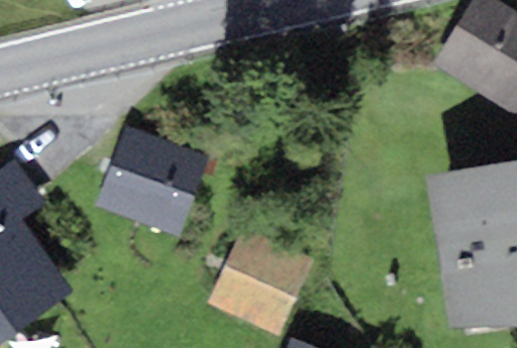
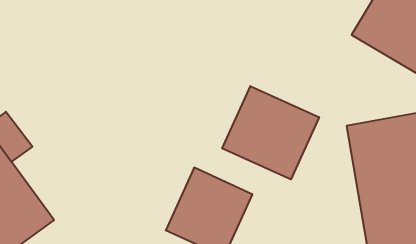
building: [95,124,207,236] -> none
building: none -> [222,86,319,179]

